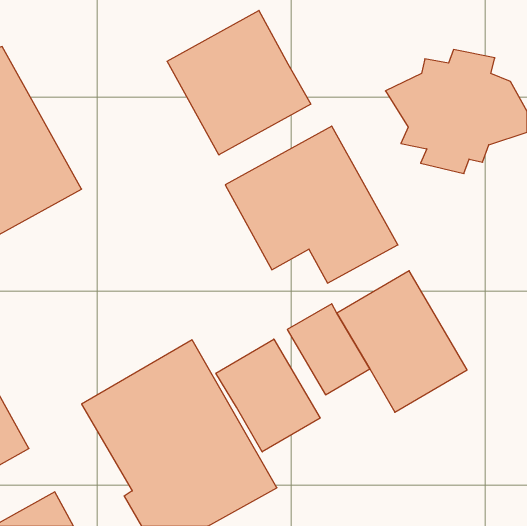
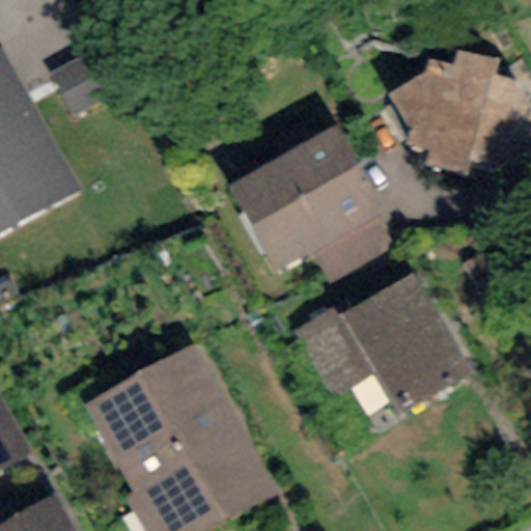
building: [167,10,311,155] -> none
building: [216,339,320,452] -> none

